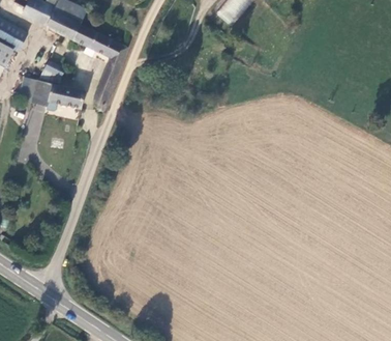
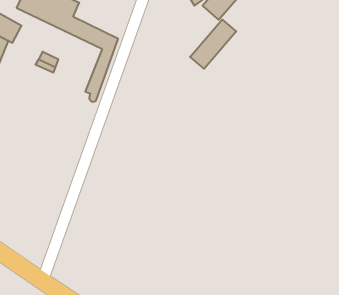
building: none -> [190,20,236,69]
building: [31,79,86,108] -> none

